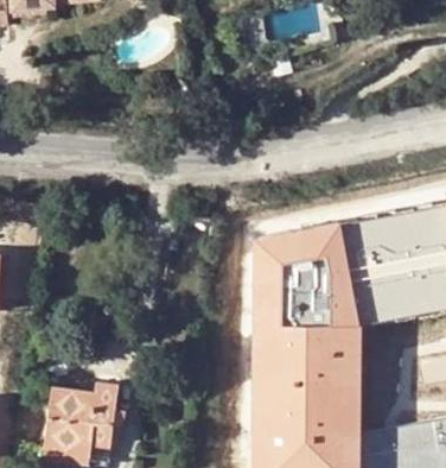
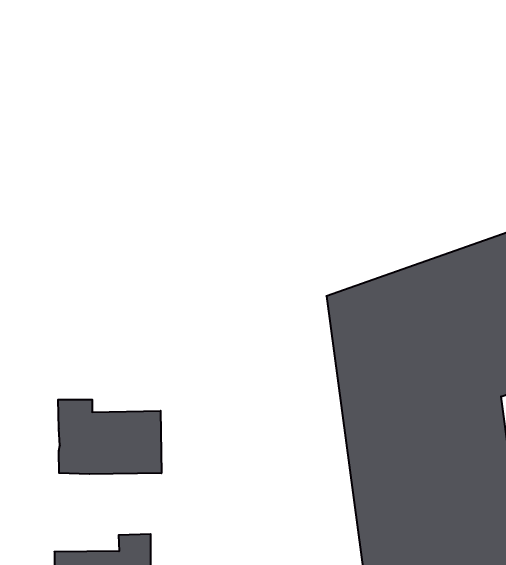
building: none -> [58,400,161,474]

